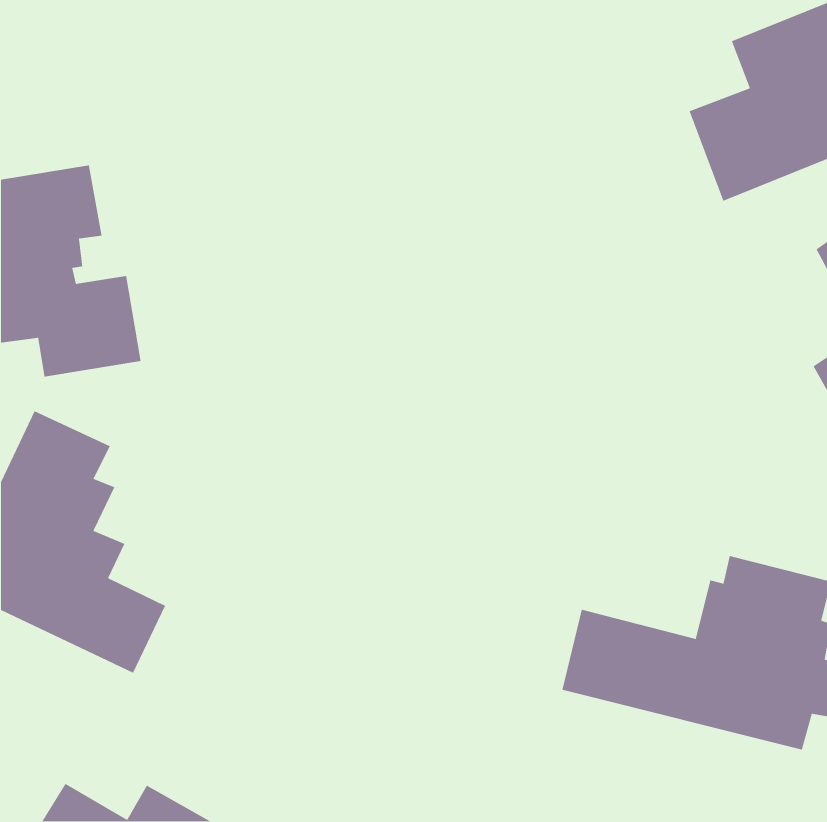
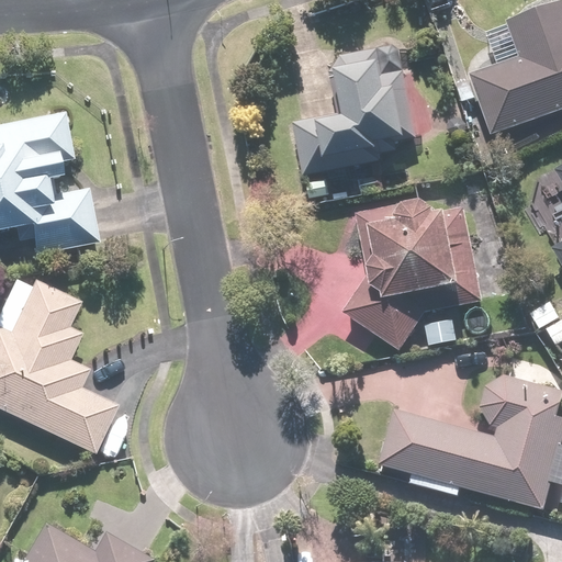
building: none -> [291,43,424,175]
building: none -> [344,199,463,350]

